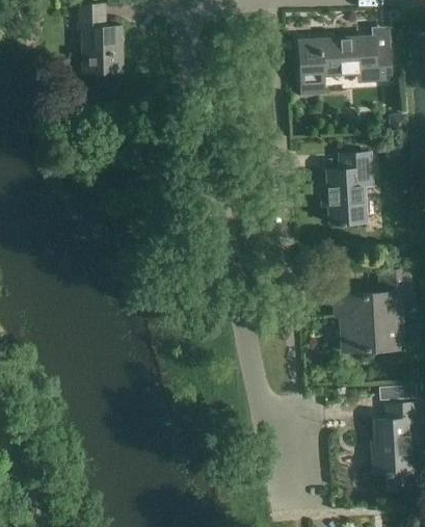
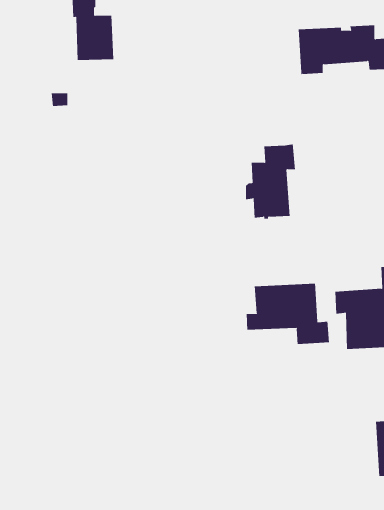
building: [321,153,370,226] -> [245,144,296,219]
building: none -> [246,283,329,345]

